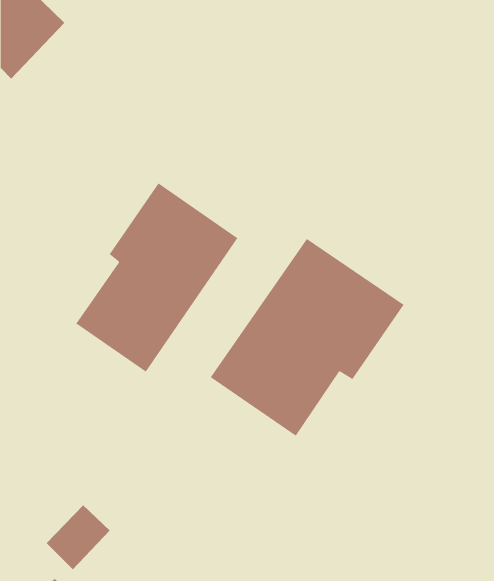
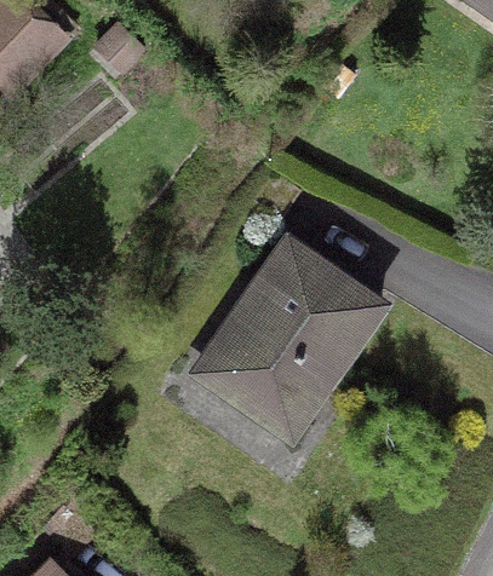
building: [75,183,238,372] -> none

